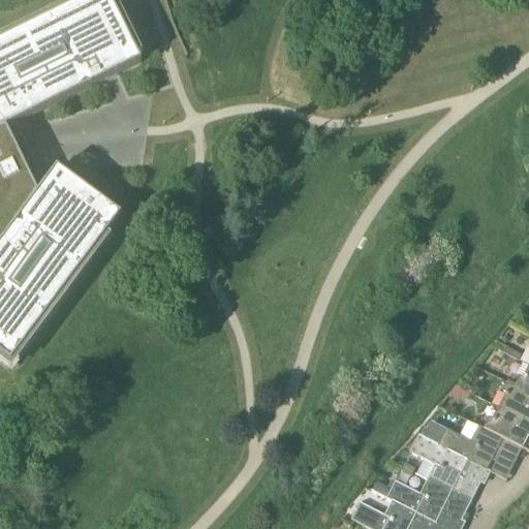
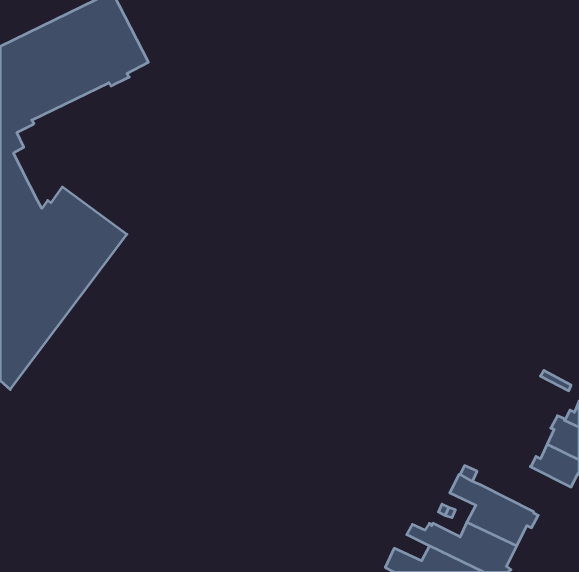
building: [438,422,522,477] -> none

